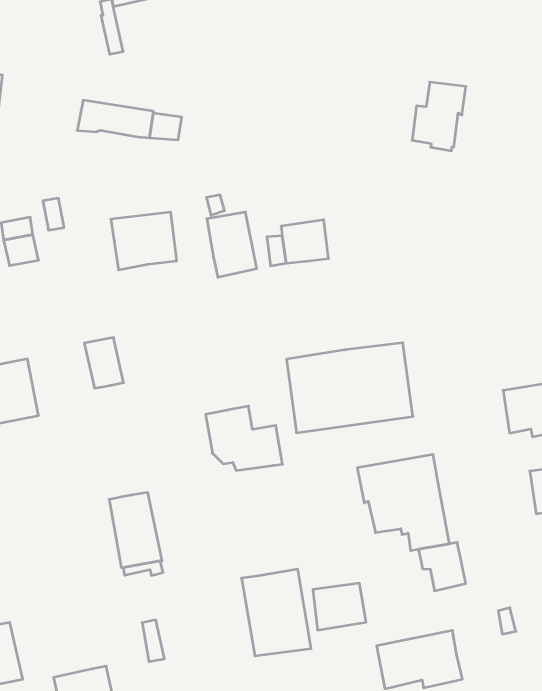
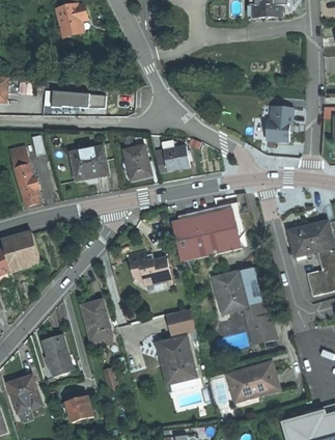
building: [412,82,466,151] -> [263,106,290,142]
building: [84,338,124,388] -> [18,177,40,205]
building: none -> [40,333,73,376]
building: [313,583,366,630] -> [166,308,196,335]

